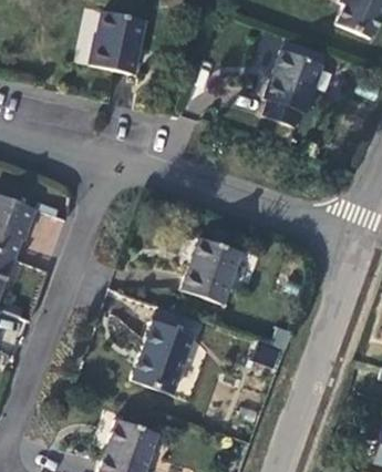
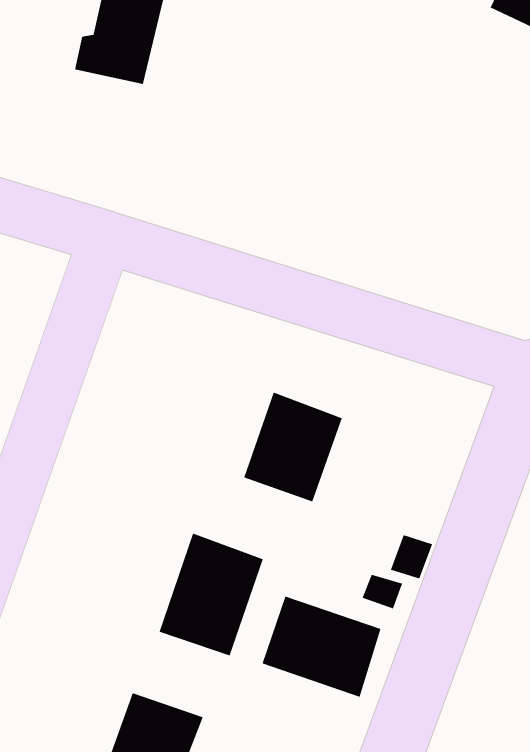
building: [256,32,314,110] -> none
building: none -> [261,596,382,698]

